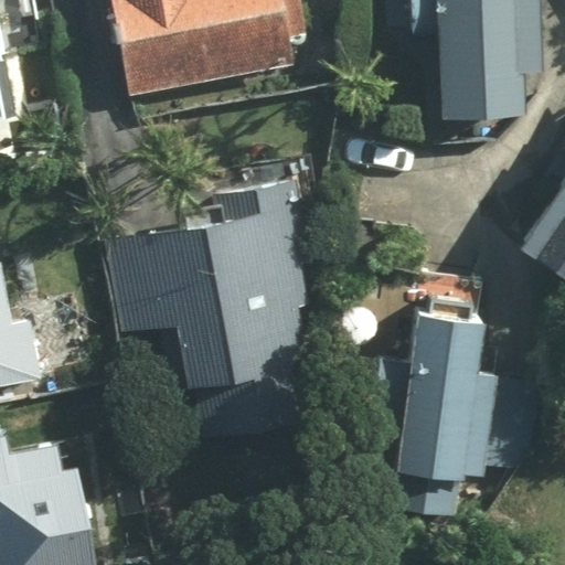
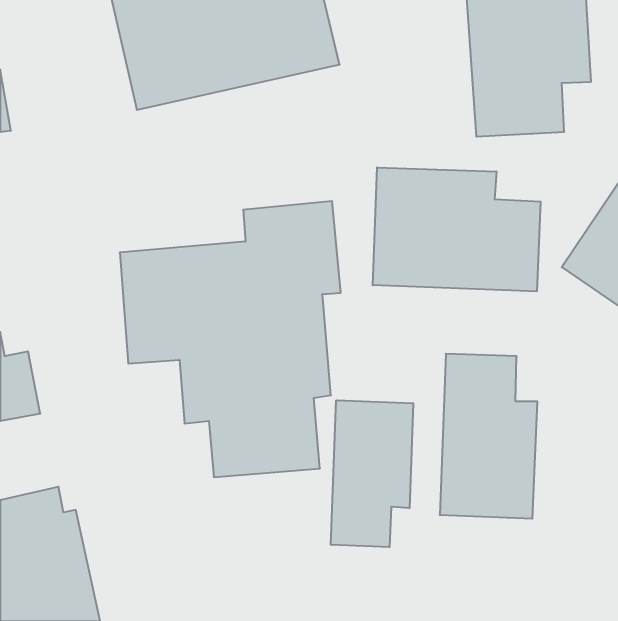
building: none -> [373,167,541,291]
building: none -> [331,400,413,547]

